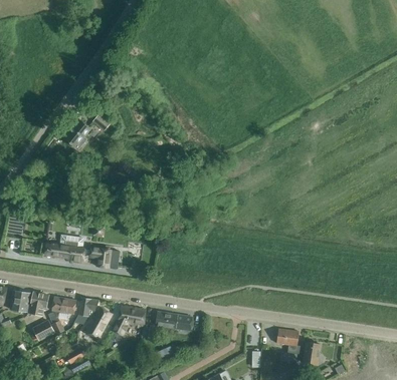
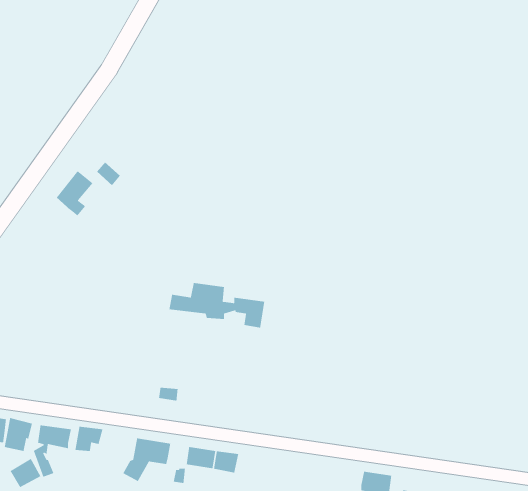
building: [44,236,112,268] -> [169,282,265,329]
building: [82,307,112,337] -> none

